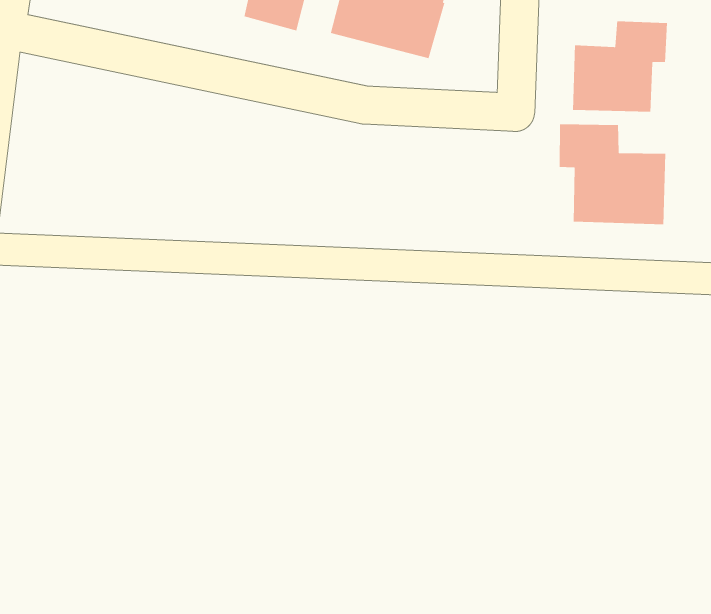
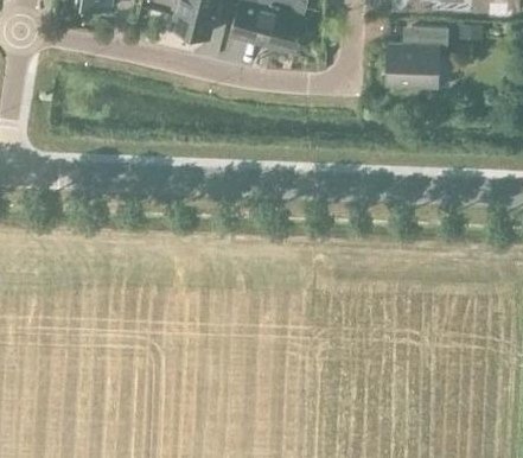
building: [559,123,666,225] -> none

